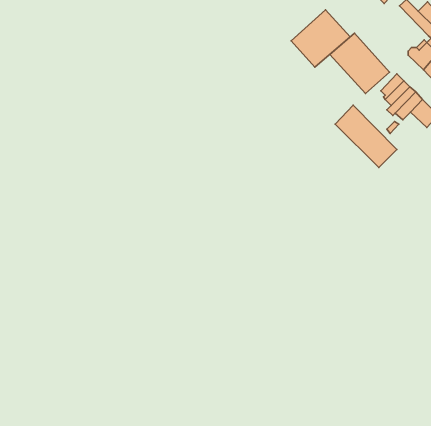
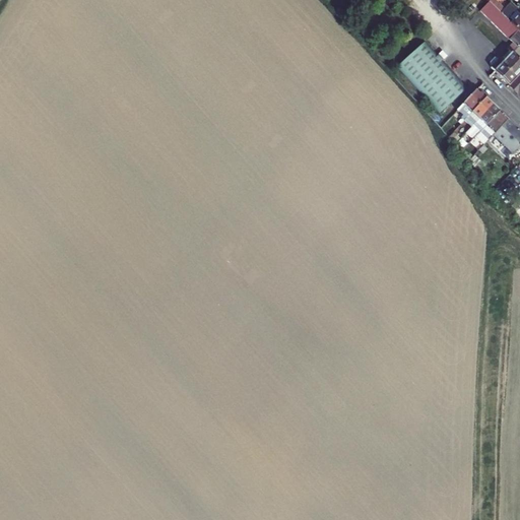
building: [291,10,350,67] -> none
building: [335,105,397,168] -> none

